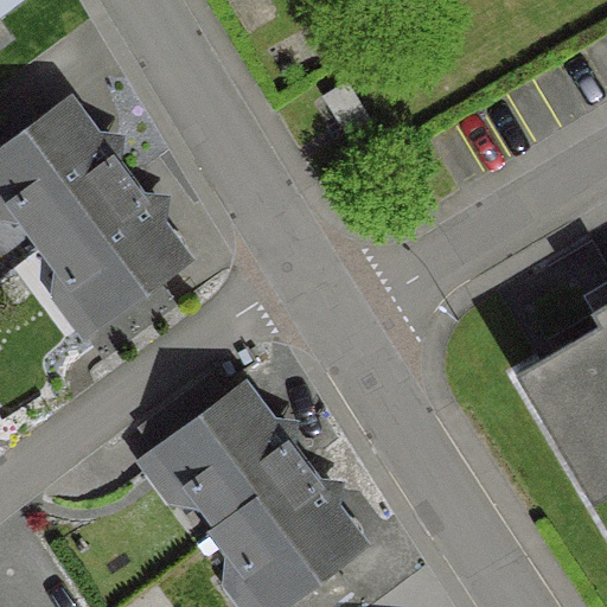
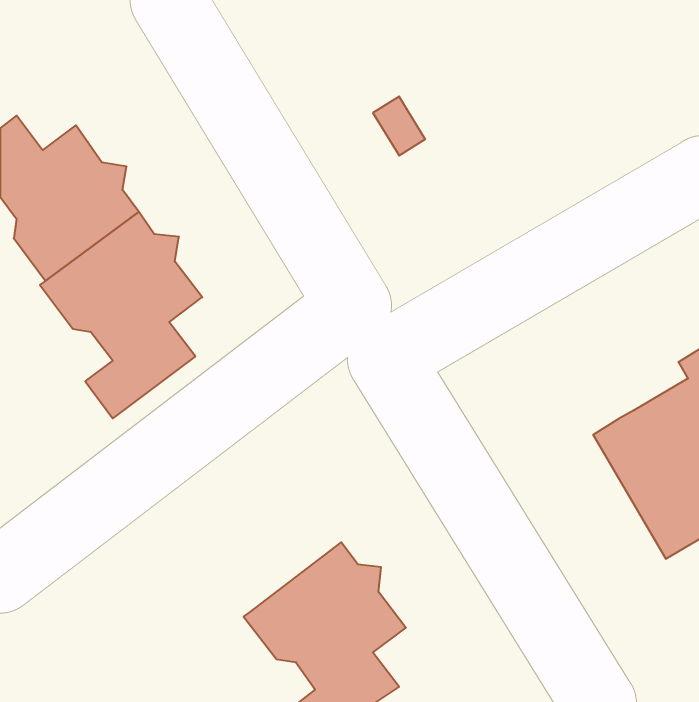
building: [136,376,298,529] -> none

